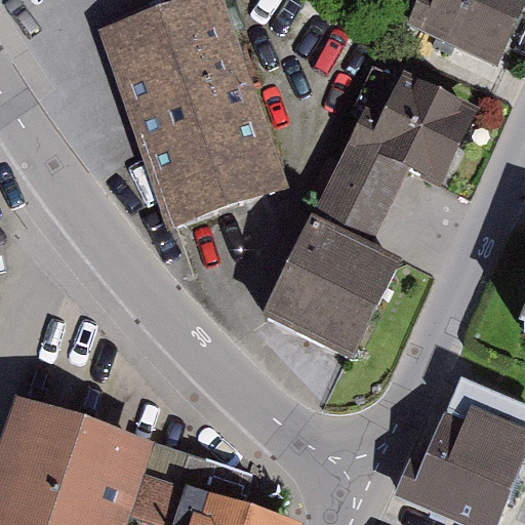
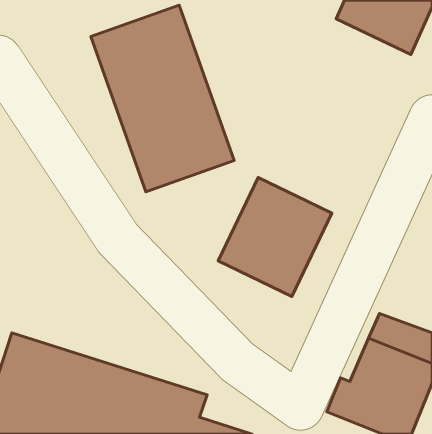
building: [312,71,479,243] -> none

